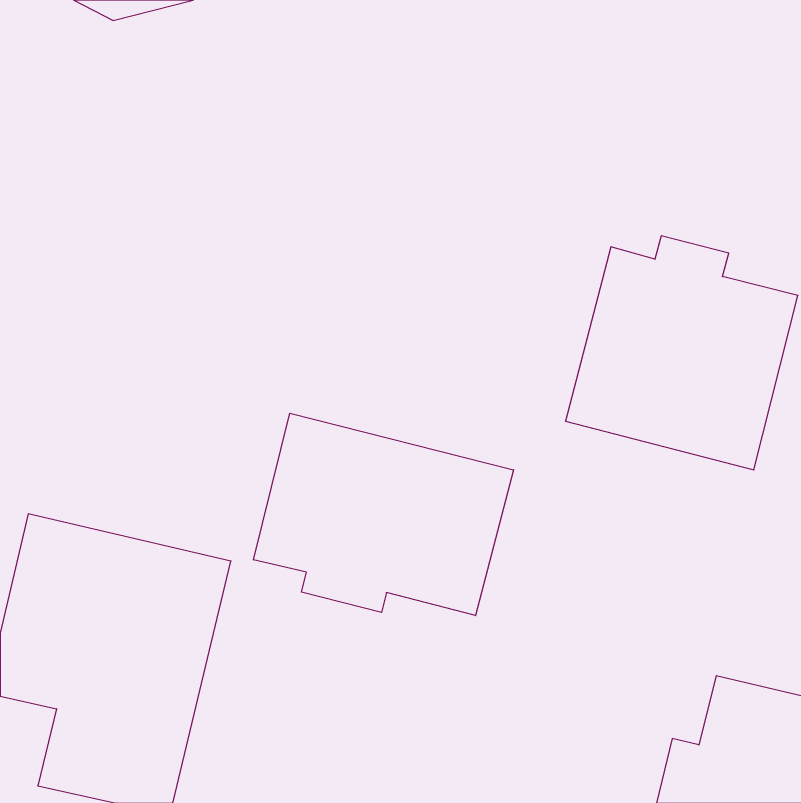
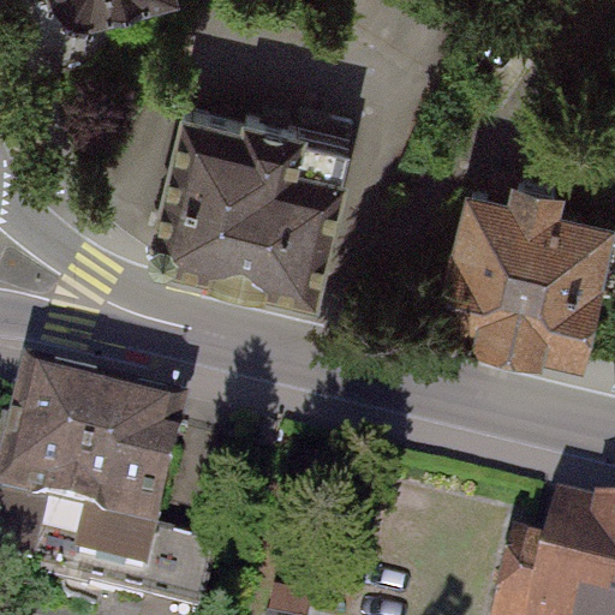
building: none -> [167,102,356,293]
building: [254,413,513,616] -> none

